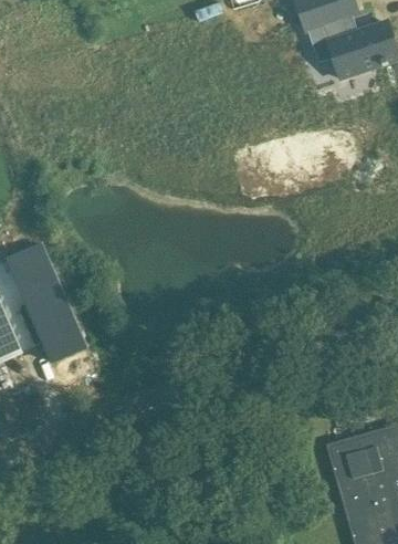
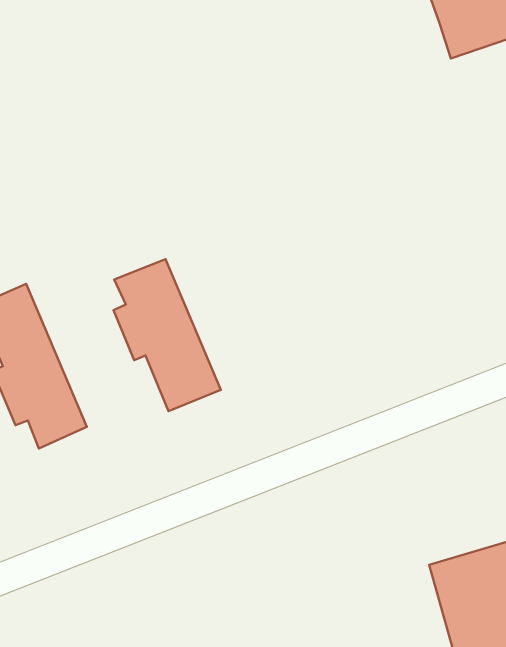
building: none -> [113,259,221,411]

